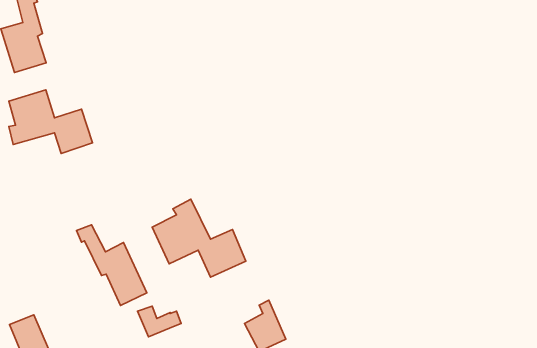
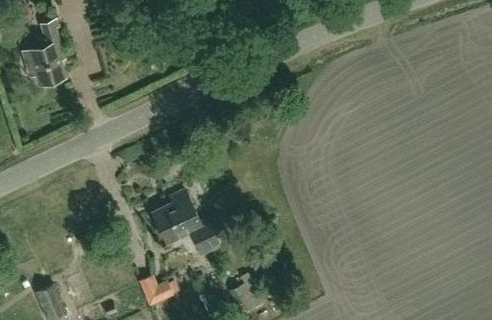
building: [9,90,92,153] -> none
building: [77,225,147,305] -> none

